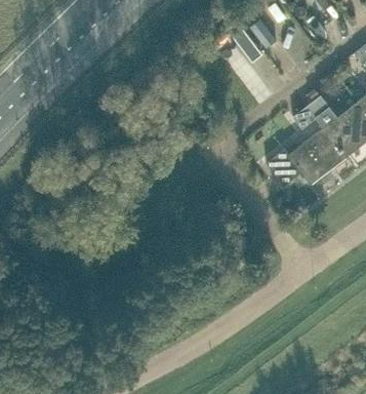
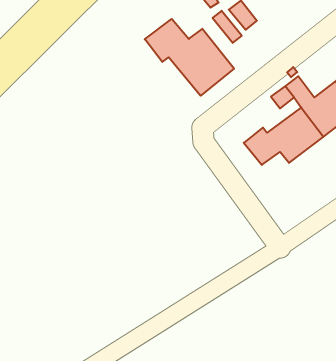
building: none -> [145,19,234,96]

